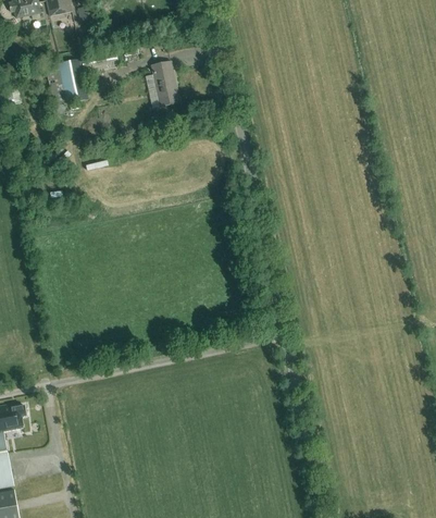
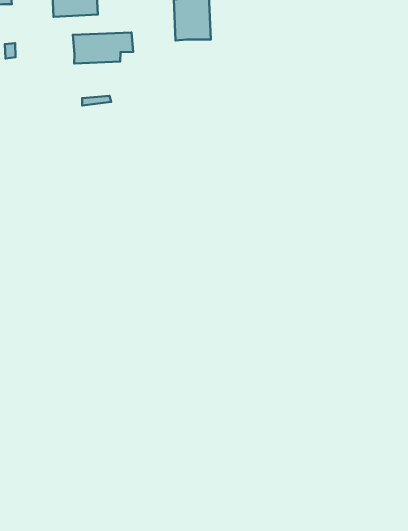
building: none -> [73,33,133,63]

